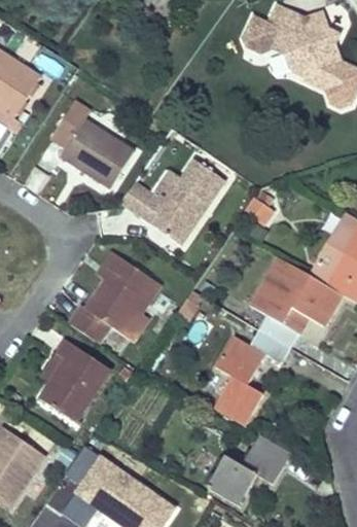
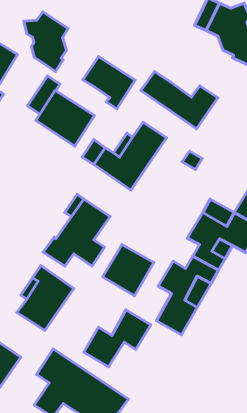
building: none -> [24,12,68,72]
building: none -> [83,57,135,109]
building: none -> [141,71,218,129]
building: none -> [103,244,154,296]
building: [207,434,290,505] -> [84,310,151,367]

